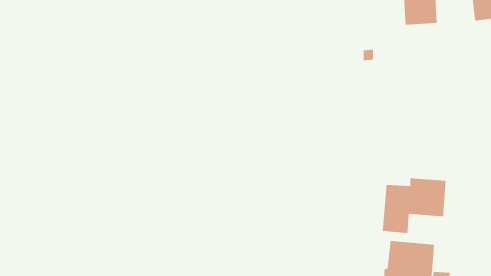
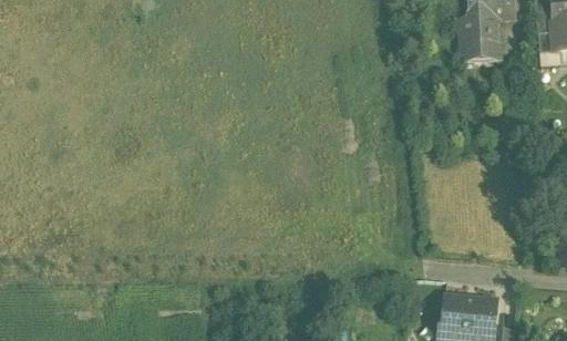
building: [382,177,446,234] -> none

